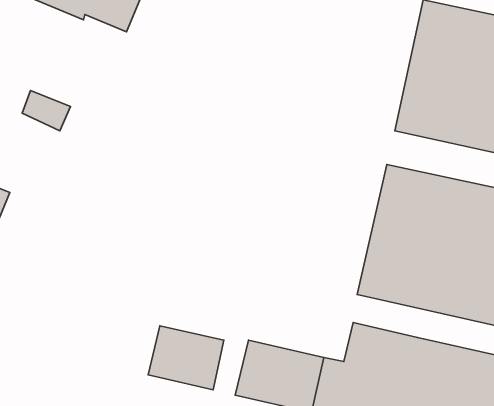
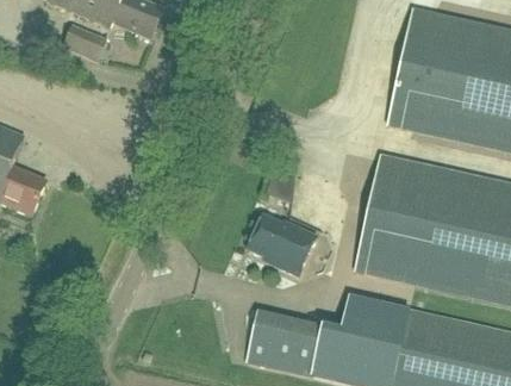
building: [22,91,71,131] -> [63,23,106,58]
building: none -> [247,213,317,274]
building: [148,326,224,390] -> none

